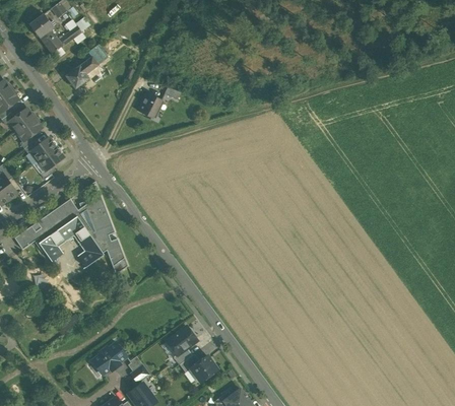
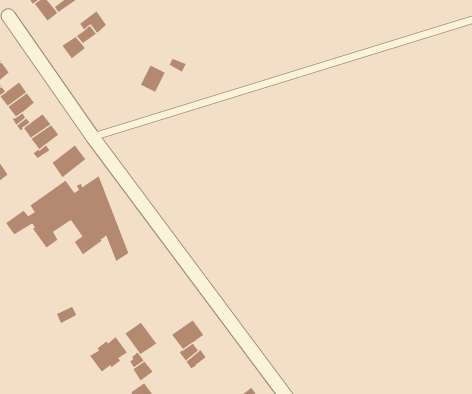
building: none -> [51,144,86,178]
building: none -> [125,322,157,356]
building: [190,355,218,383] -> none

